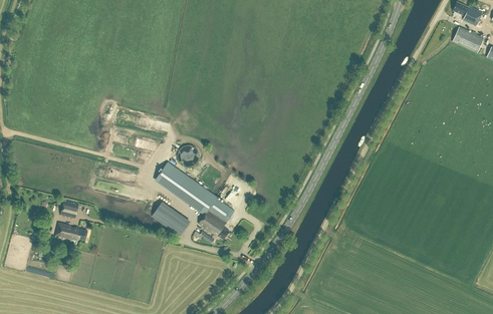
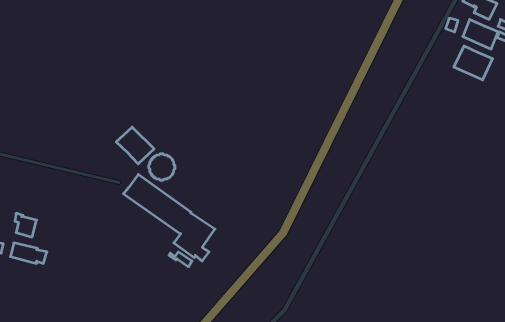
building: none -> [454,46,493,80]
building: none -> [116,127,154,164]
building: [149,198,190,237] -> none

